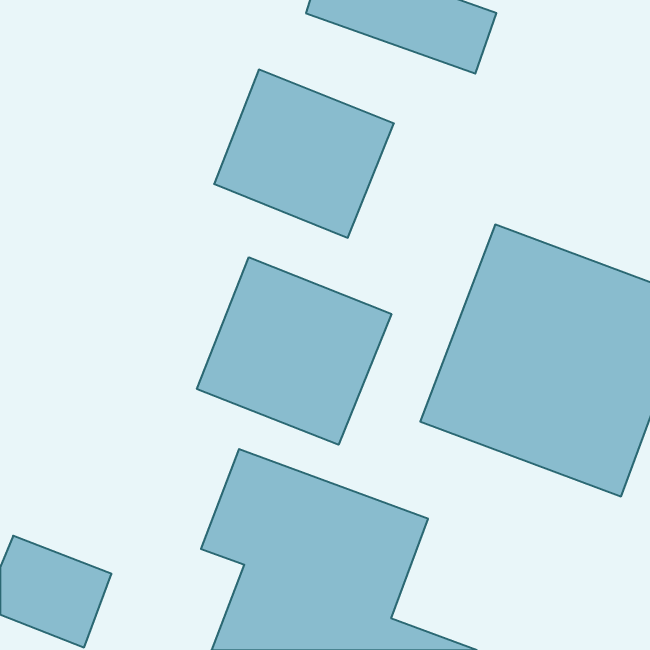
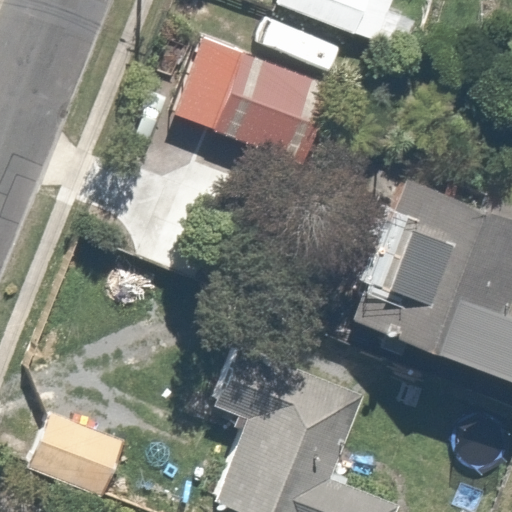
building: [197,257,391,445] -> none

